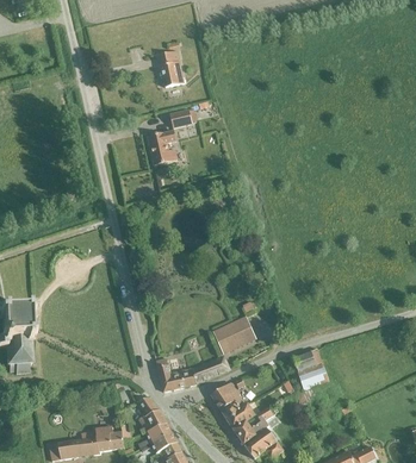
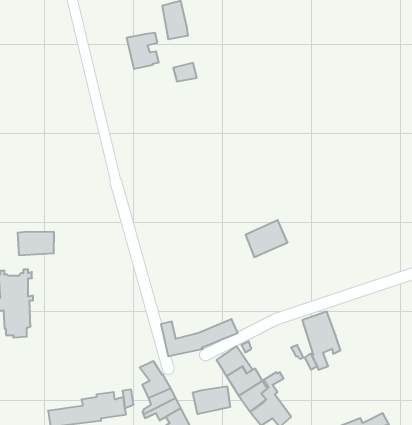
building: [147,131,178,165] -> [127,33,159,69]
building: none -> [18,232,54,255]
building: [215,317,255,352] -> [245,220,288,257]
building: none -> [193,386,230,414]

